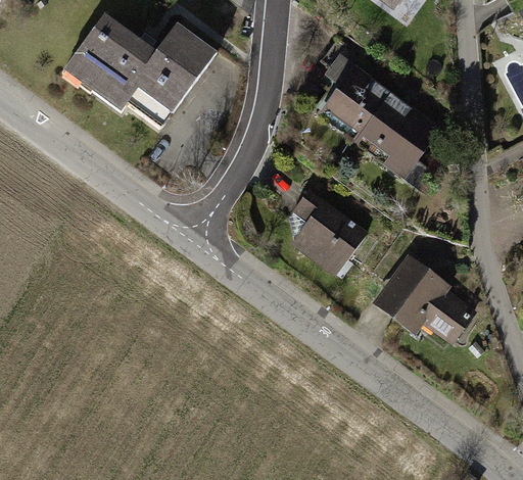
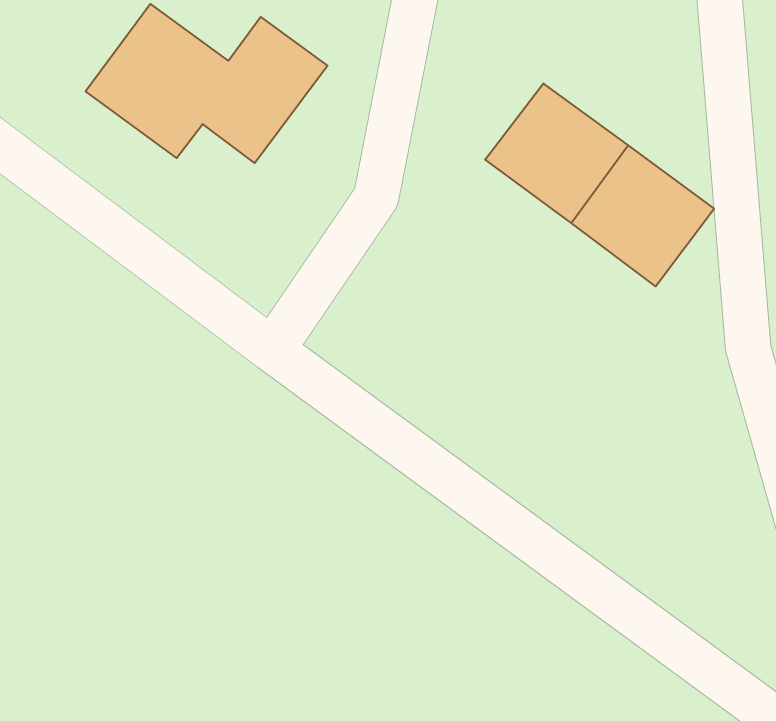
building: [292,190,366,275] -> none
building: [372,253,474,342] -> none

